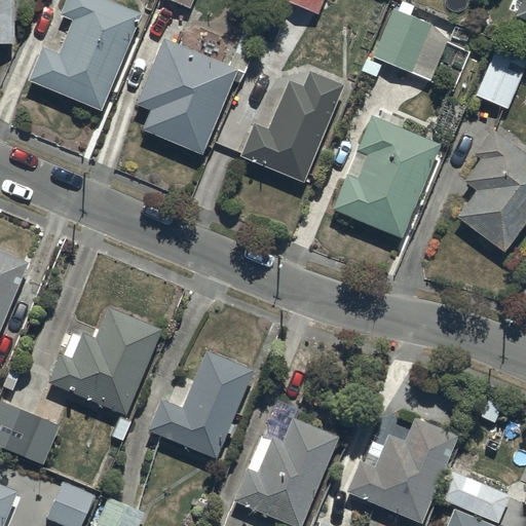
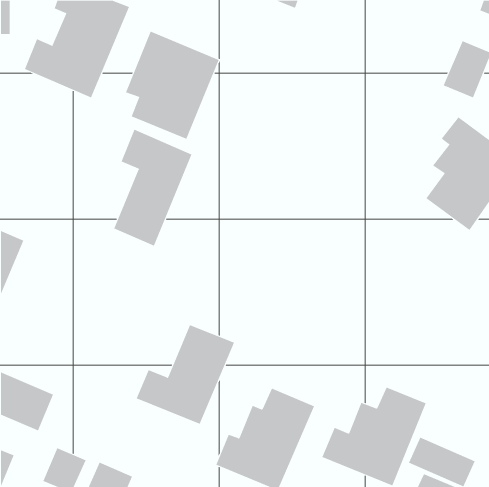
building: [373,9,448,81] -> none
building: [240,71,344,182] -> none
building: [332,115,441,237] -> none
building: none -> [114,129,192,246]
building: [48,307,162,415] -> none

